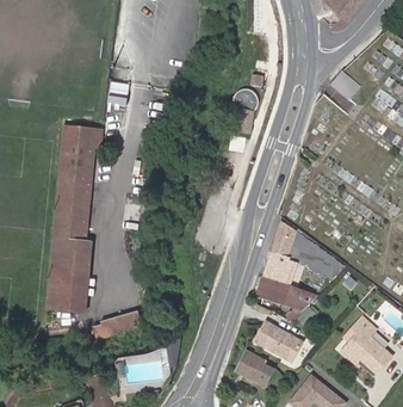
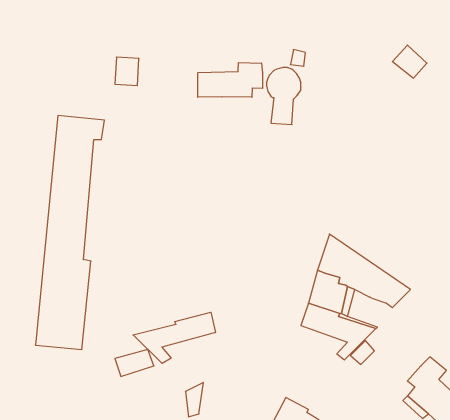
building: none -> [198,63,263,97]
building: none -> [133,312,215,363]
building: [254,319,302,359] -> none

